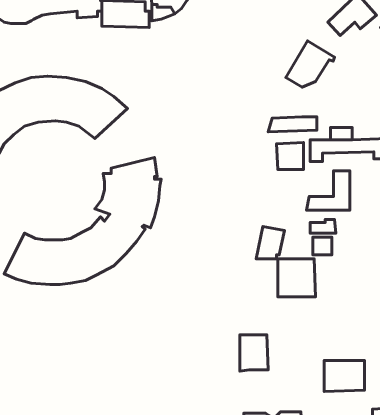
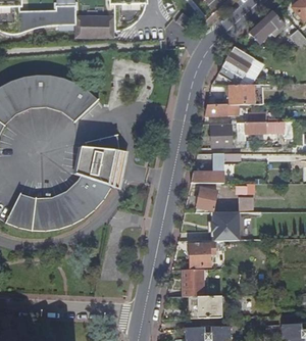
building: none -> [230,84,253,104]
building: [307,171,350,210] -> [191,152,223,182]
building: none -> [189,243,214,266]
building: [324,360,365,392] -> [190,295,220,319]

